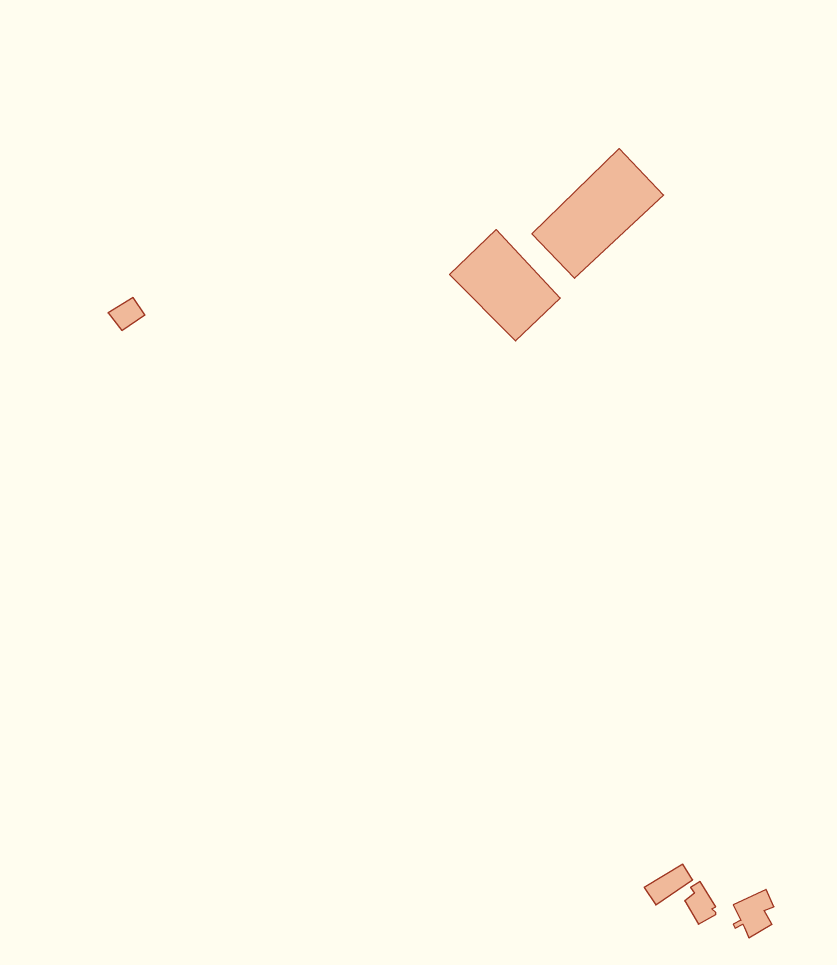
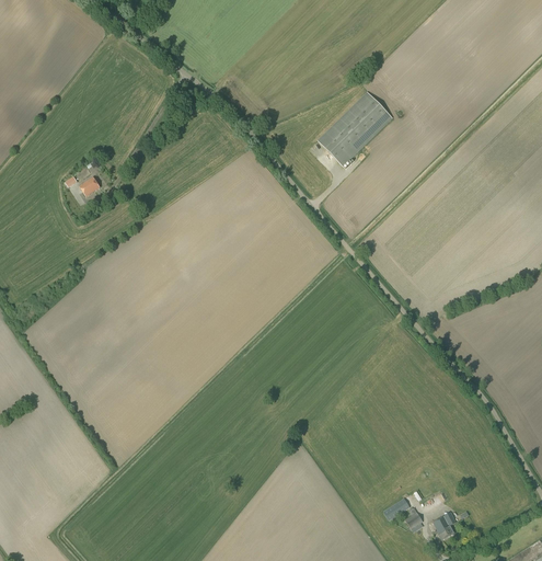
building: [450,230,560,341] -> none

